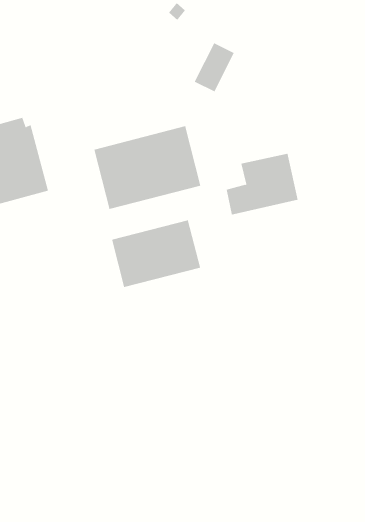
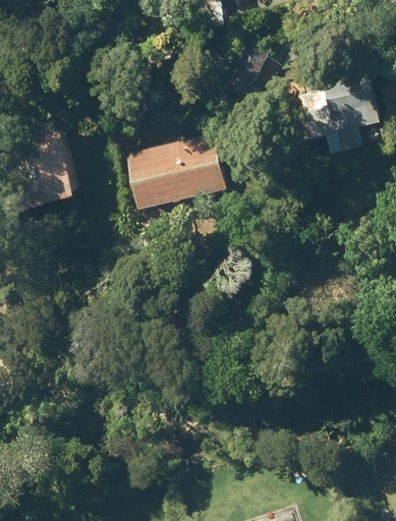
building: [226,153,298,215] -> [305,78,377,139]
building: [111,219,201,288] -> none

